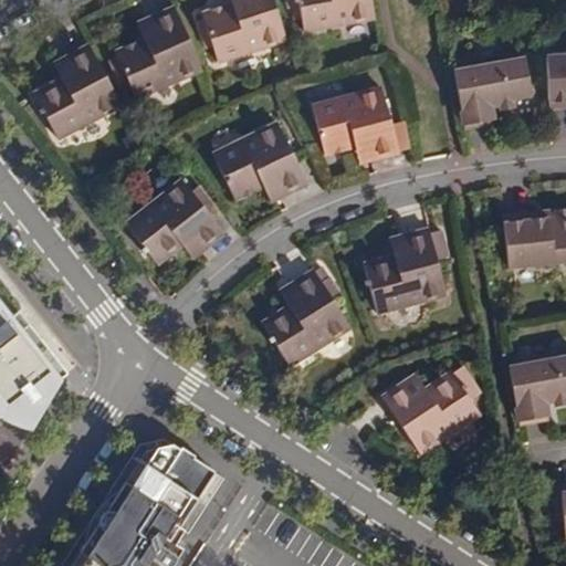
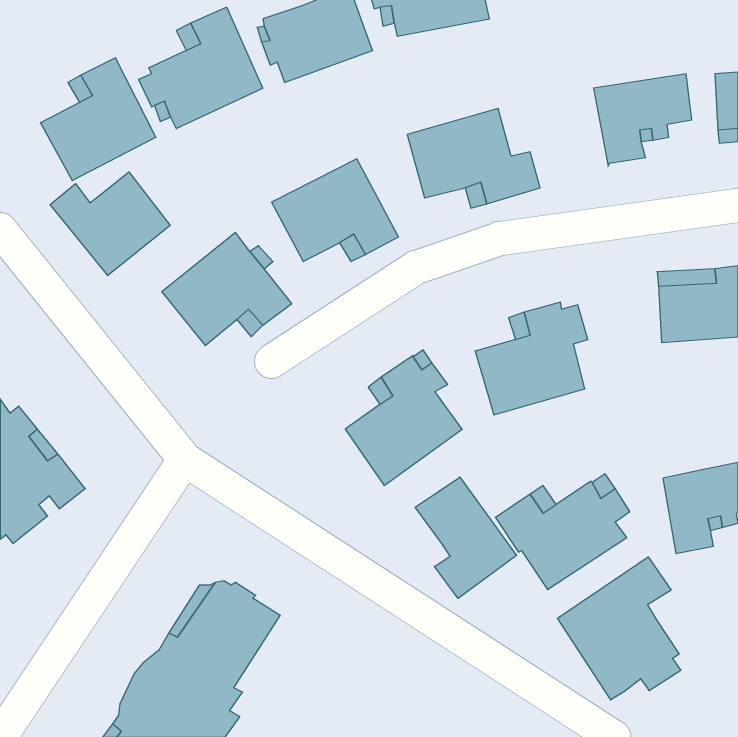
building: none -> [50,172,170,276]
building: none -> [415,477,516,598]
building: none -> [557,557,681,700]

